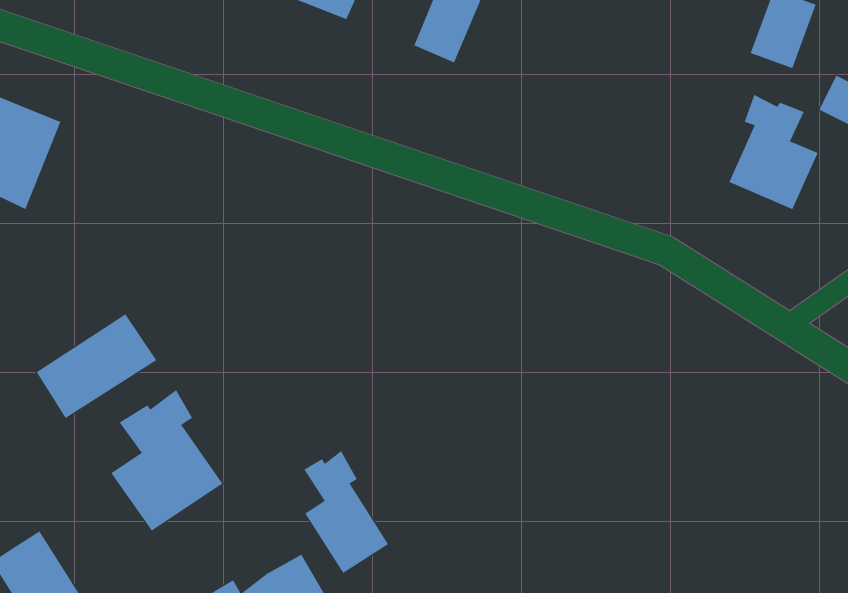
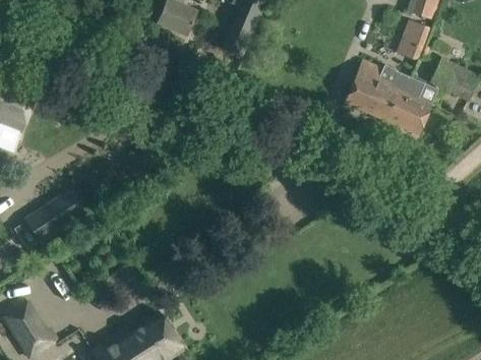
building: none -> [344,59,411,120]
building: [111,389,223,531] -> none
building: [304,450,389,574] -> none

